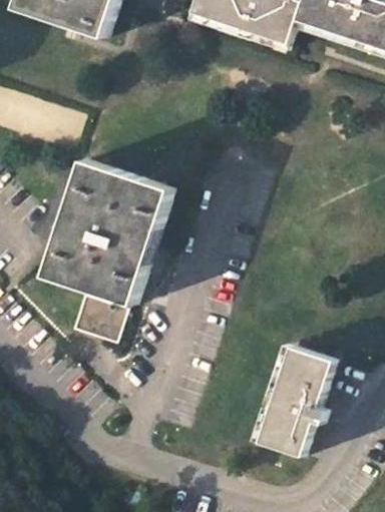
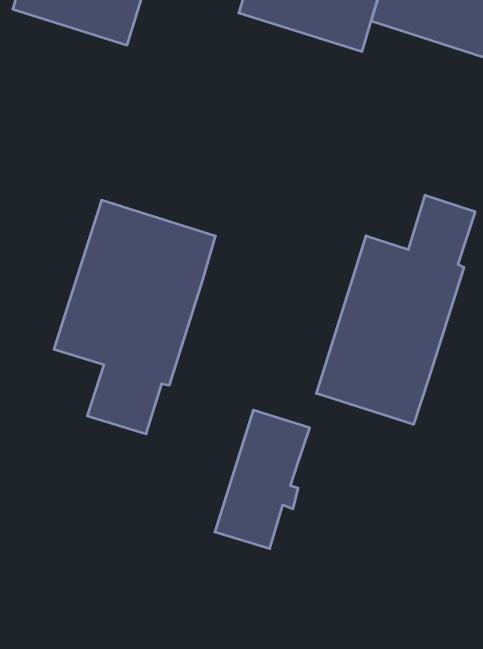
building: none -> [316,195,475,424]
building: [256,347,330,455] -> [215,410,310,549]

